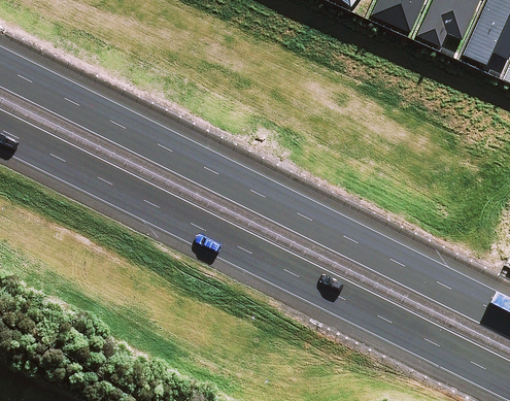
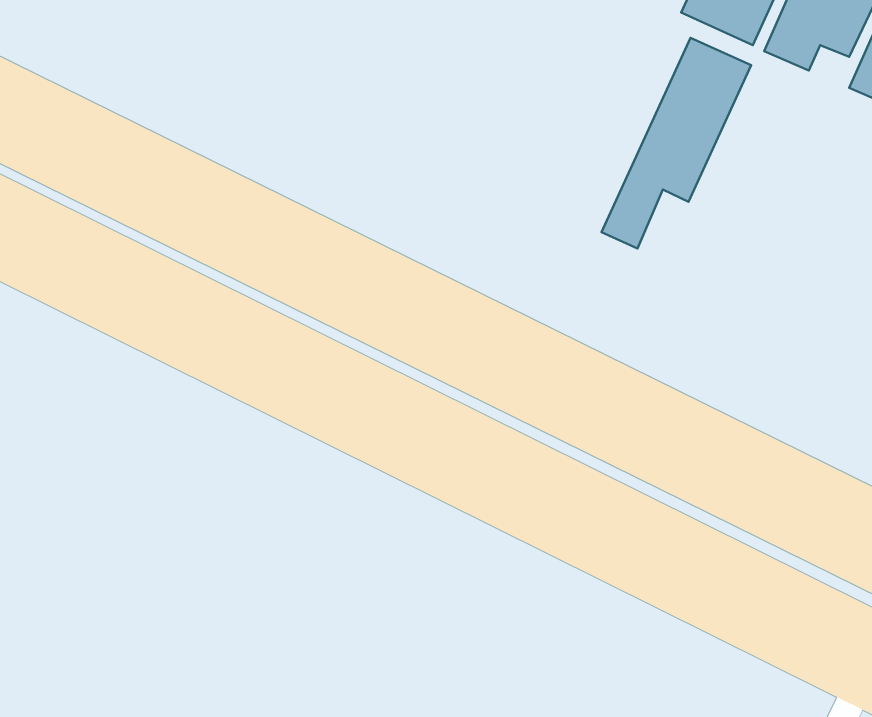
building: none -> [602,38,751,249]

